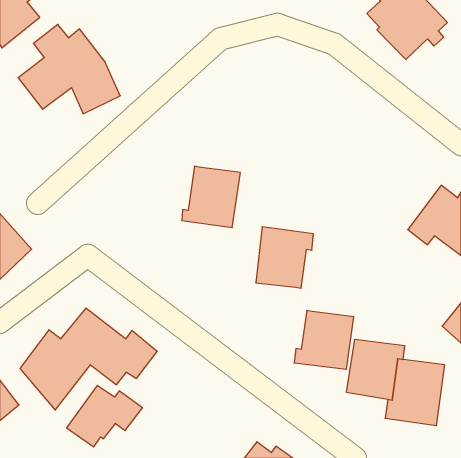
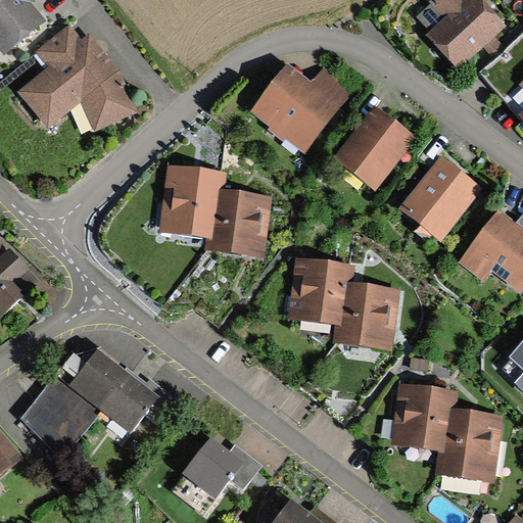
building: none -> [252,65,350,149]
building: none -> [333,105,416,191]
building: none -> [397,156,479,240]
building: none -> [157,164,228,238]
building: [294,311,354,369] -> [332,282,399,348]
building: [67,385,143,447] -> [175,438,260,508]

